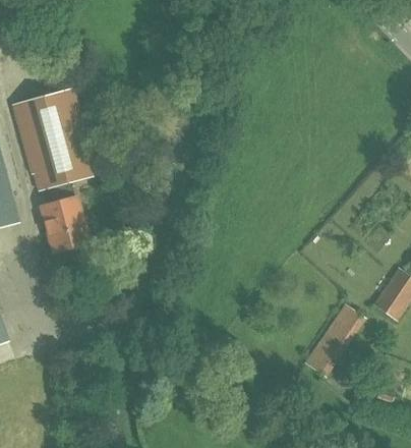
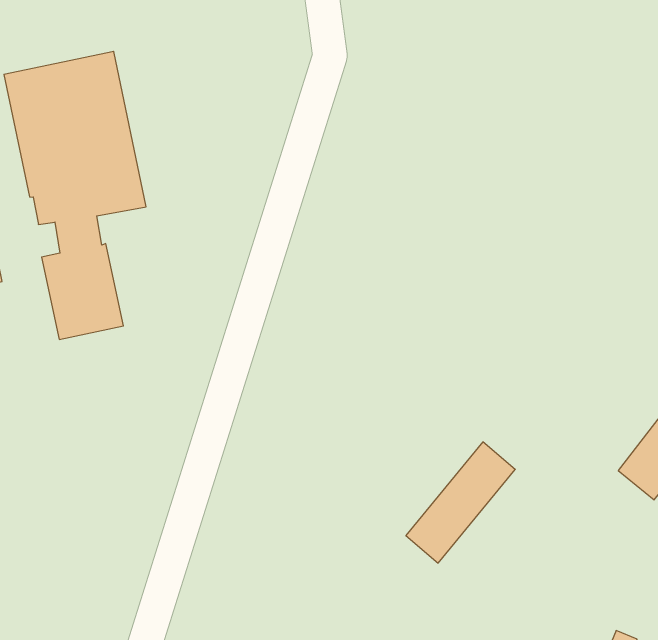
building: [305,304,364,375] -> [406,442,515,563]

